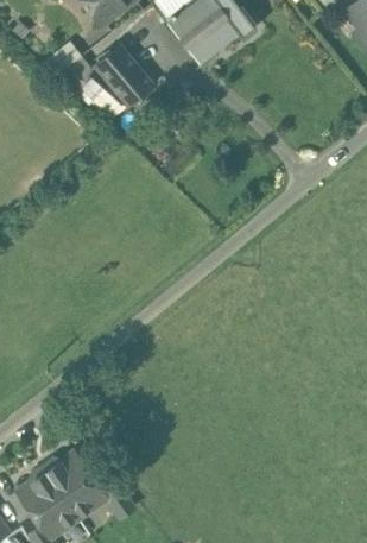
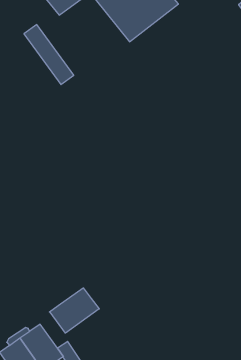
building: [96,46,152,103] -> none
building: none -> [49,288,99,333]

